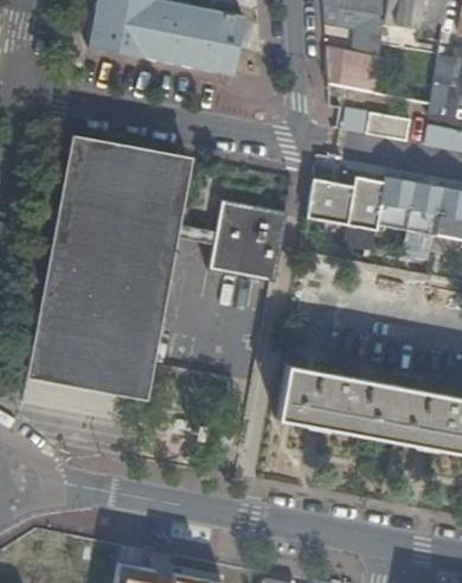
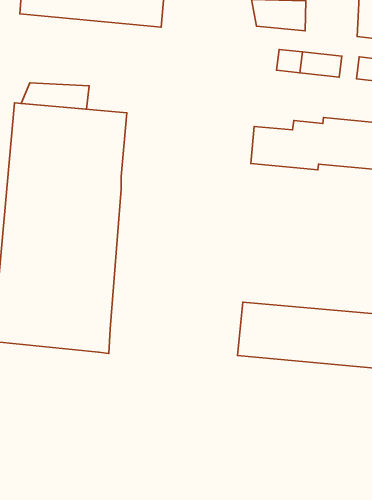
building: none -> [21,83,89,109]
building: [174,198,287,280] -> none

